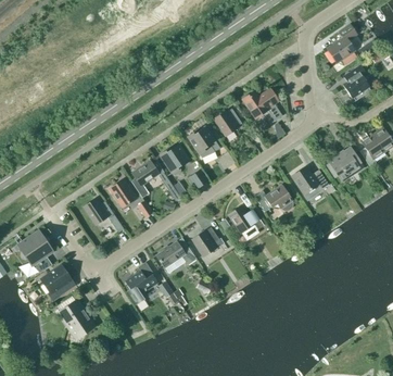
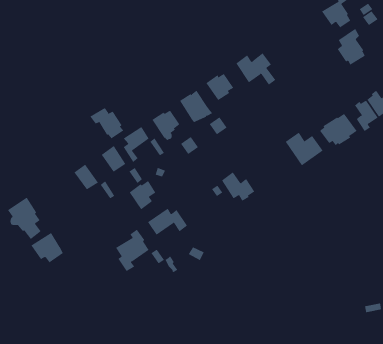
building: none -> [90,107,124,139]
building: [254,185,292,211] -> none
building: [191,227,218,256] -> [129,180,156,210]
building: [59,300,93,338] -> none

